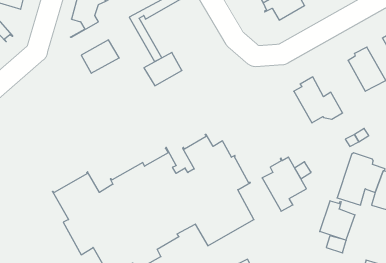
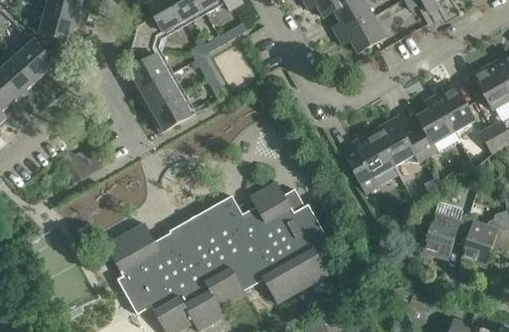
building: none -> [126,54,167,92]
building: [144,52,182,86] -> [148,95,190,132]
building: none -> [414,98,459,156]
building: [262,157,306,211] -> [344,132,393,192]
building: [320,201,355,240] -> none

